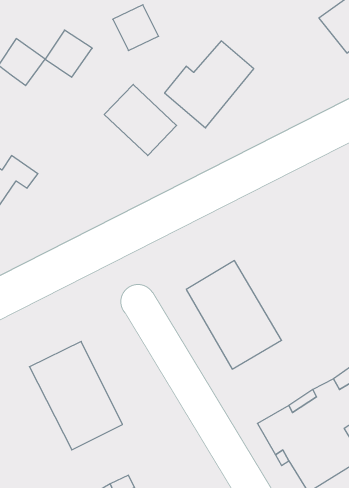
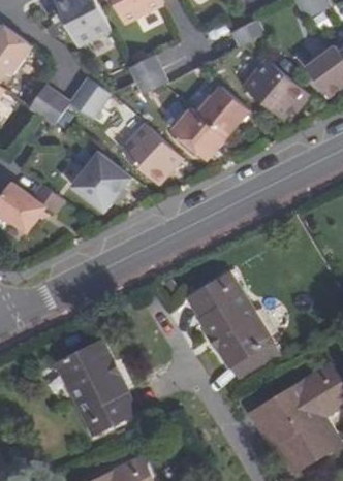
building: none -> [241,58,304,119]
building: none -> [70,151,130,211]

